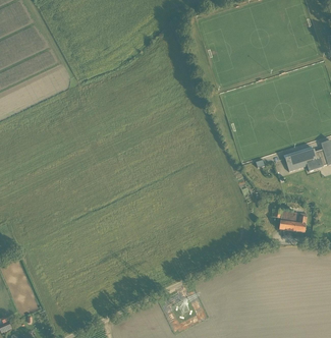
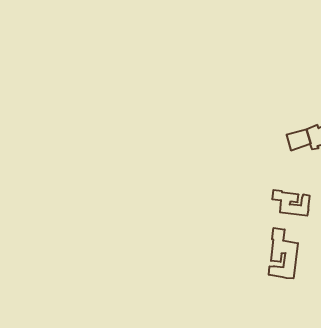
building: none -> [269,228,298,278]

